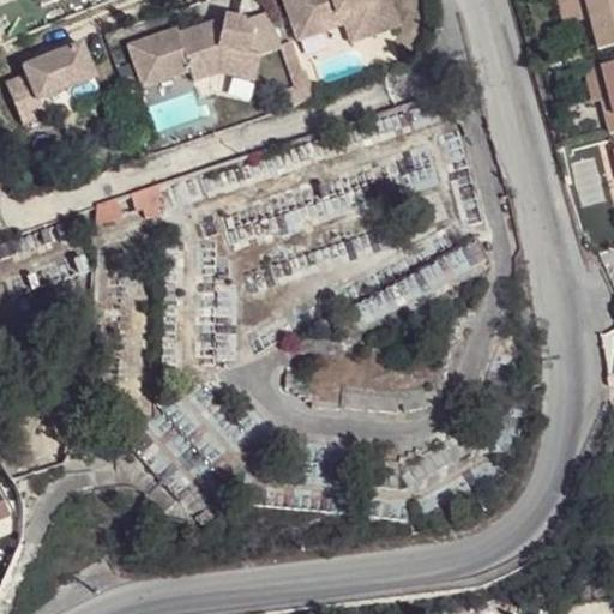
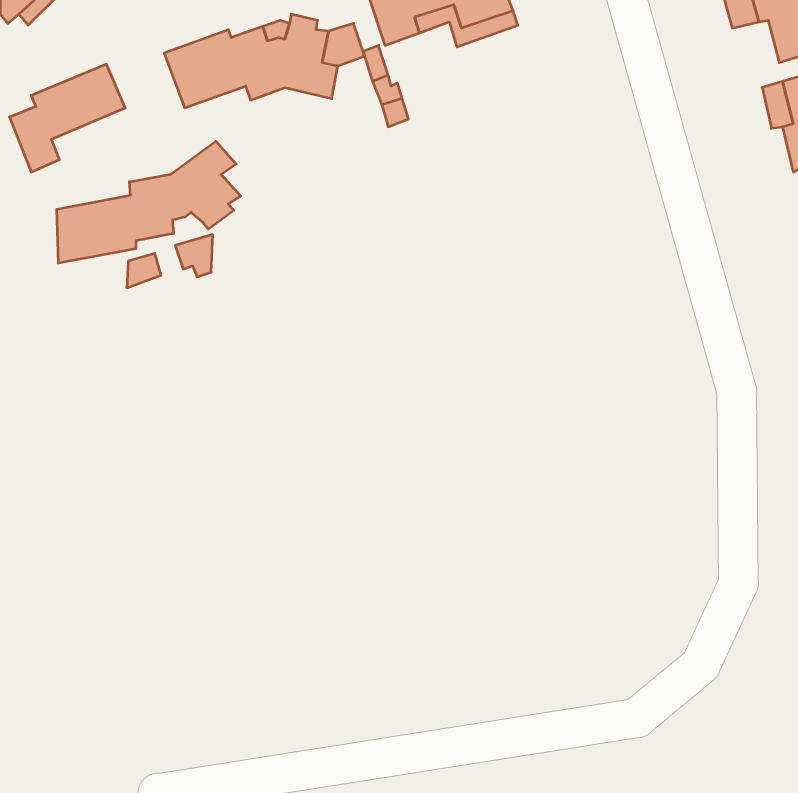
building: none -> [57,141,241,263]

